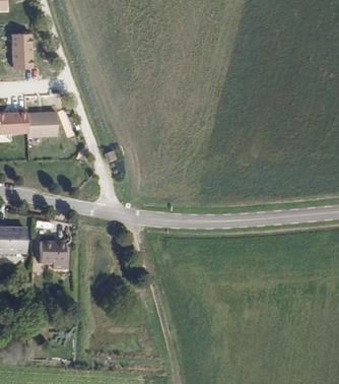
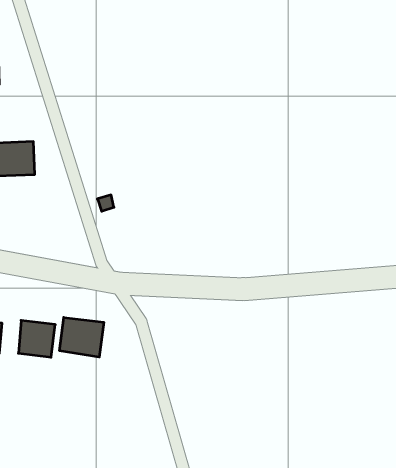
building: none -> [60,317,104,357]

